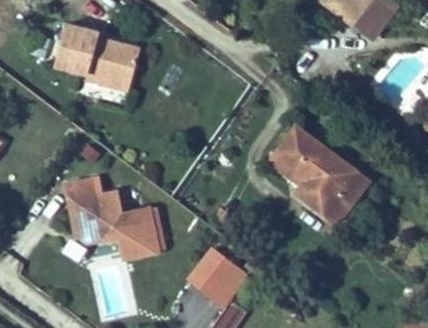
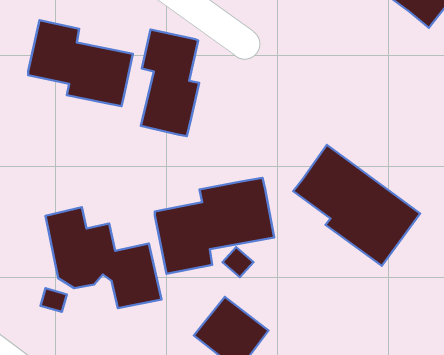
building: none -> [141,29,199,136]
building: none -> [155,178,274,274]

